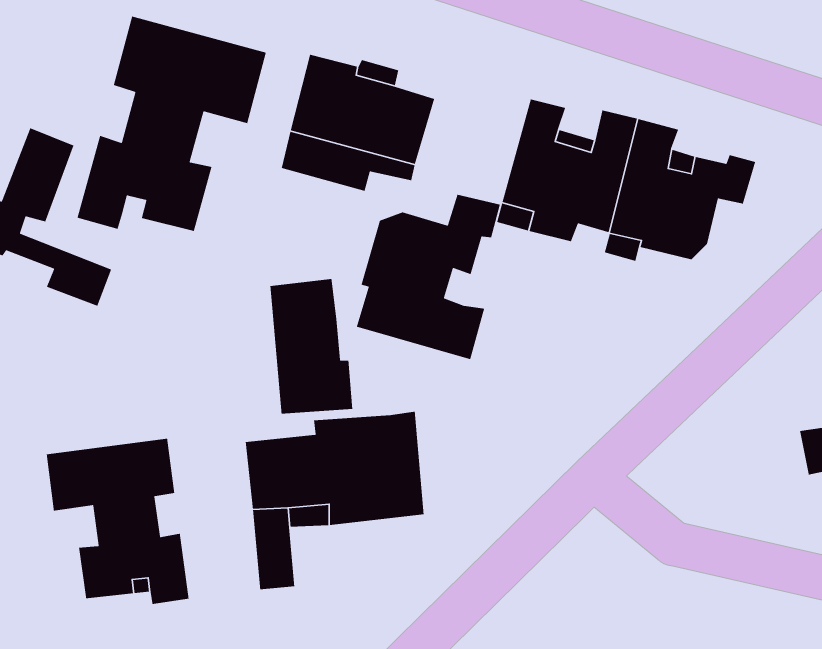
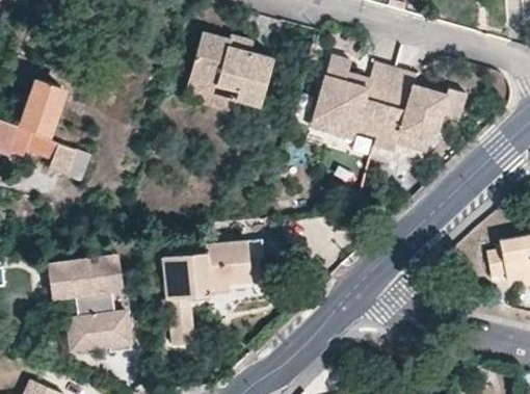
building: [77,16,267,232] -> none
building: [356,194,501,360] -> none
building: [269,278,353,415] -> none

